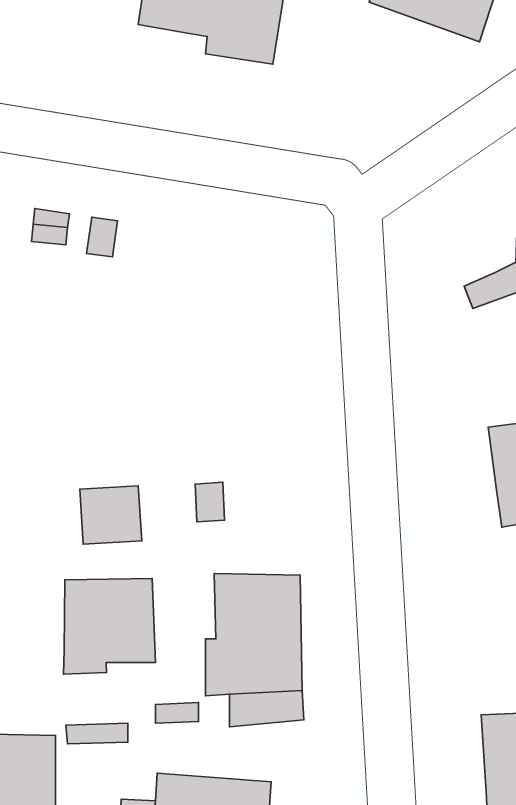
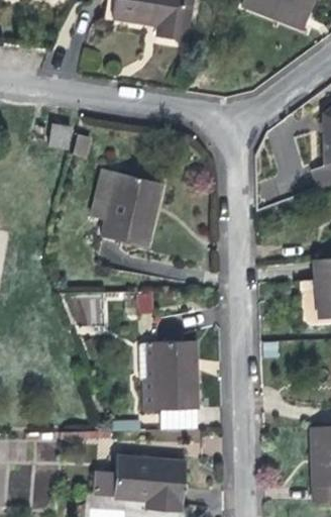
building: none -> [92,170,168,249]
building: [64,578,156,674] -> none

